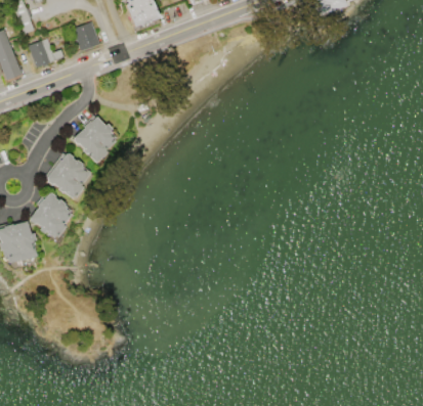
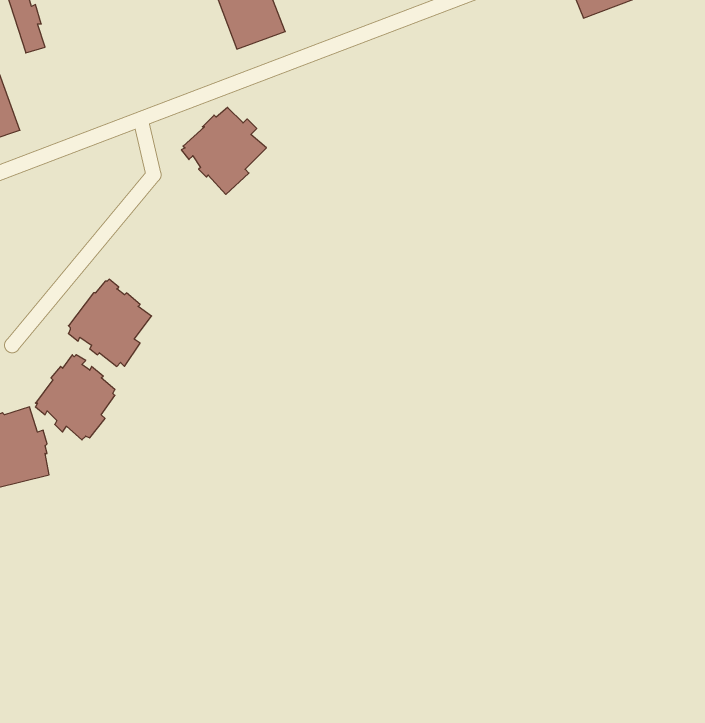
building: [74,21,100,51] -> none
building: [30,39,66,69] -> none
building: [73,118,118,164] -> [181,107,266,194]

